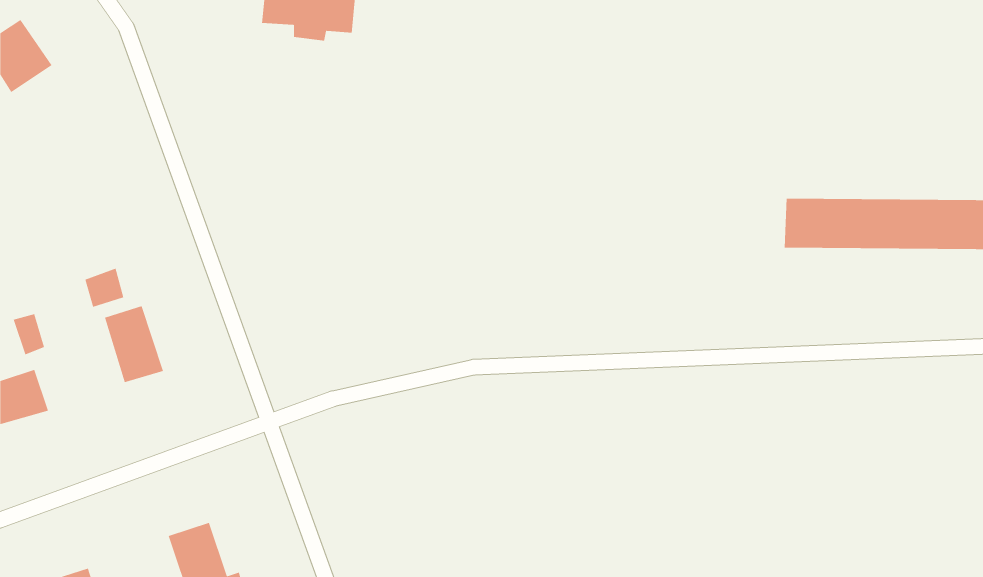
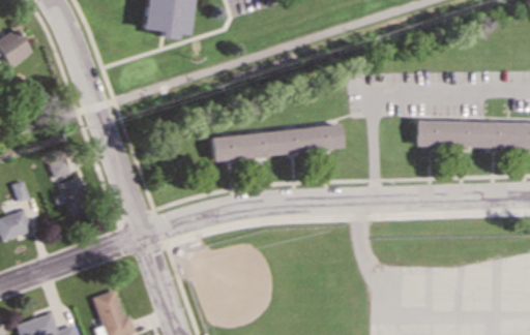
building: none -> [212,124,344,161]

